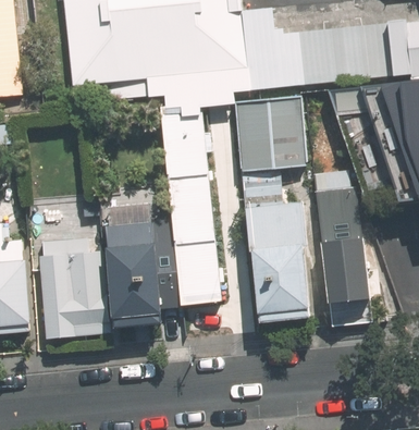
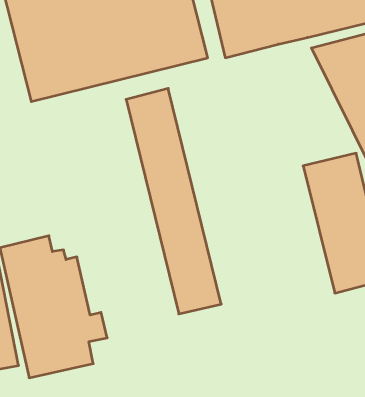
building: [232,97,303,175] -> none
building: [110,197,181,321] -> none
building: [245,202,311,323] -> none

